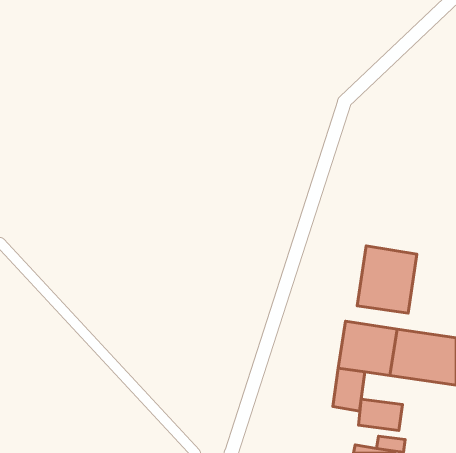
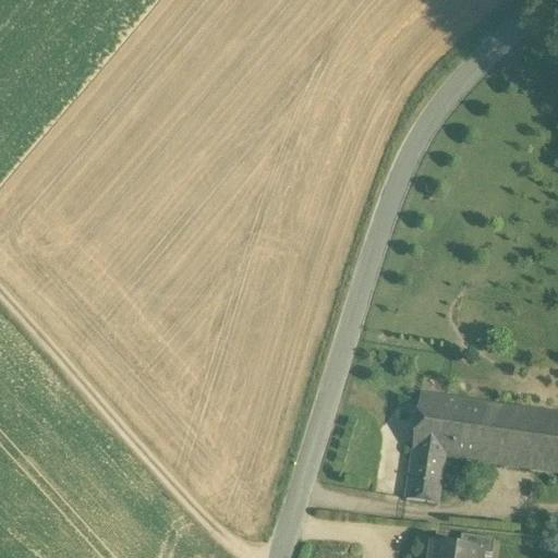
building: [357,246,417,313] -> none
building: [359,399,402,430] -> none

